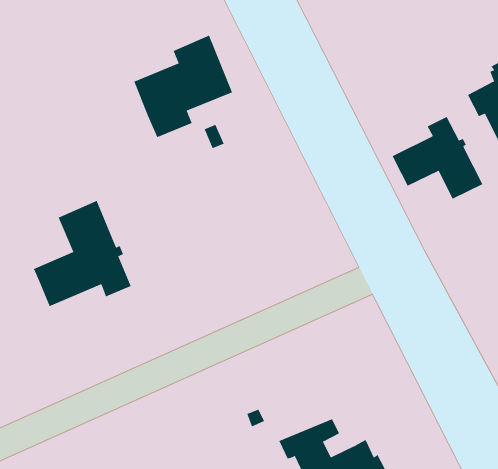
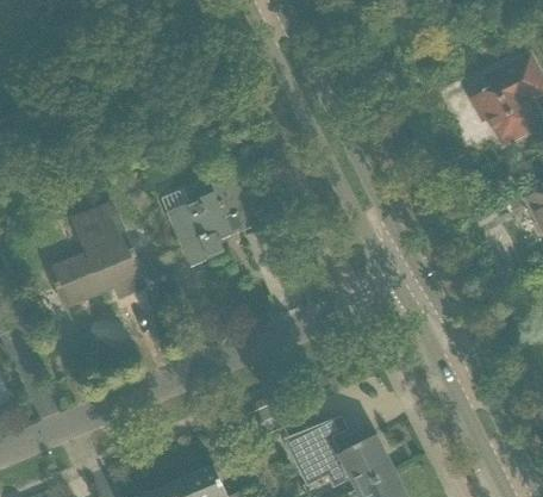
building: [134,35,233,138] -> [166,164,262,265]
building: [392,116,483,199] -> none

